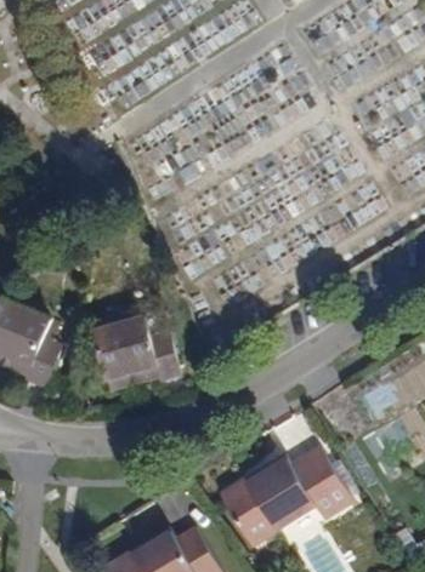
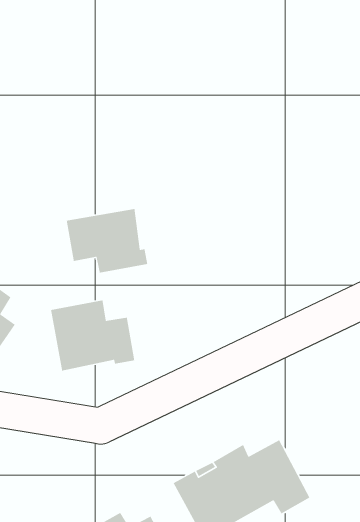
building: none -> [66,208,148,273]

